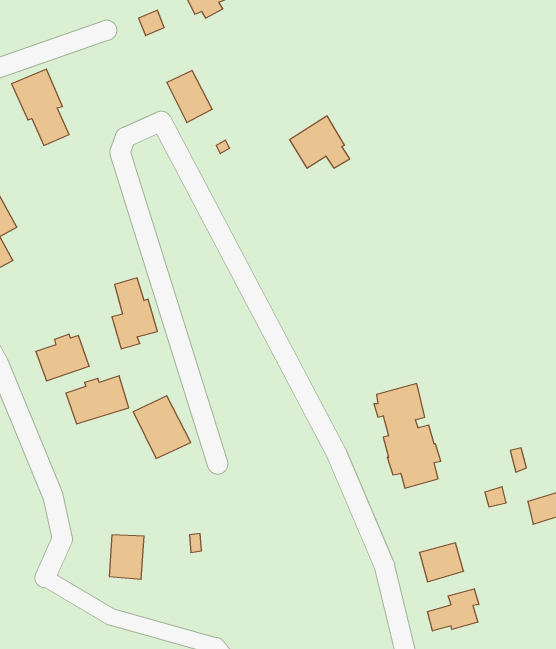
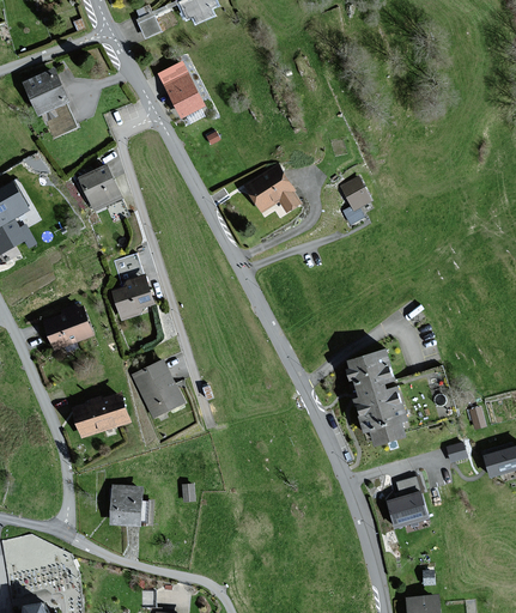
building: [290,116,350,168] -> [245,164,299,211]
building: none -> [79,165,121,210]
building: none -> [340,176,370,224]
building: [66,376,129,424] -> [72,393,128,436]
building: [427,589,479,631] -> none

